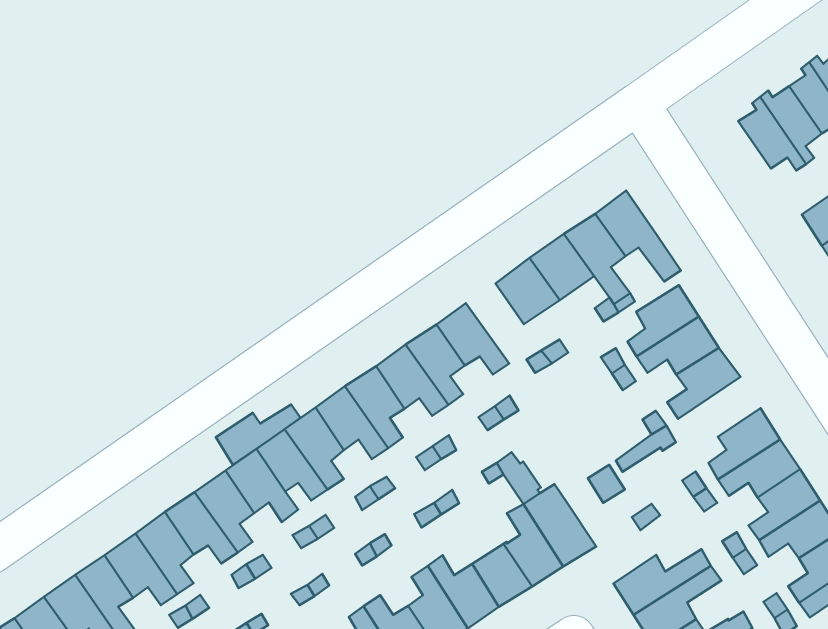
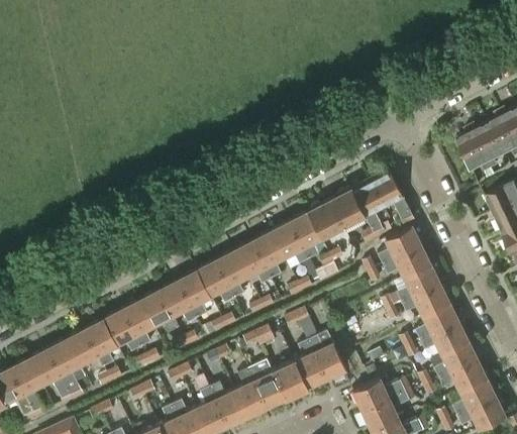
building: none -> [289,213,320,259]
building: none -> [401,284,448,316]
building: [216,404,301,465] -> none

